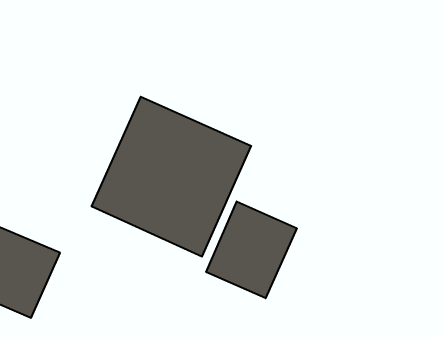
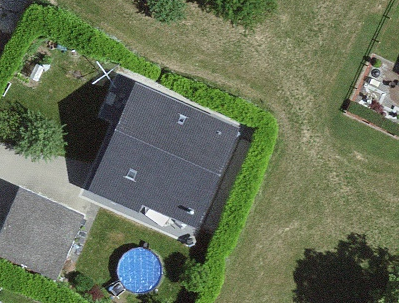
building: [206,201,297,298] -> none

